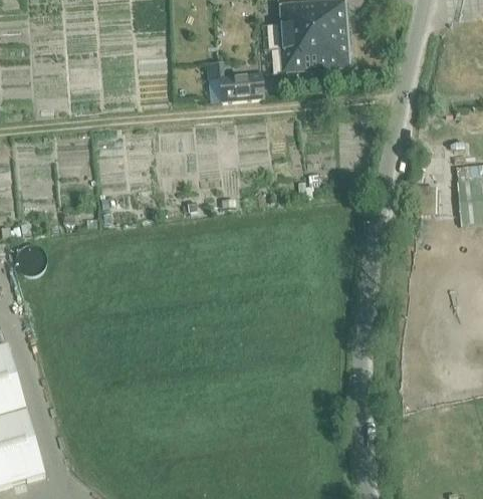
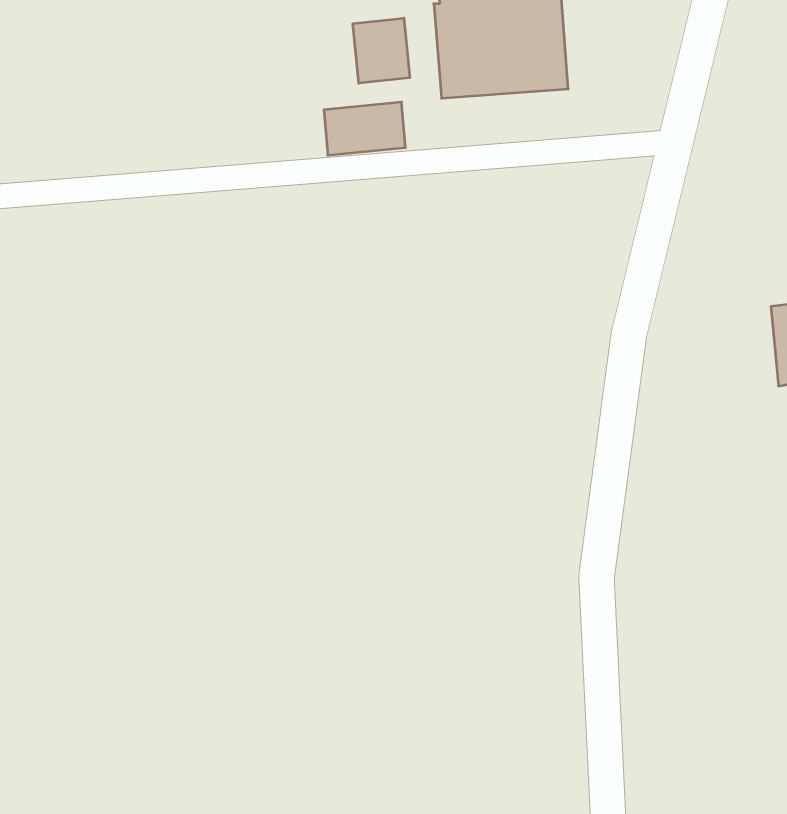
building: none -> [353,18,410,83]

